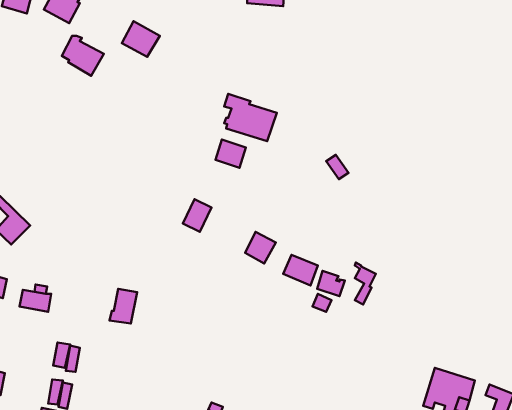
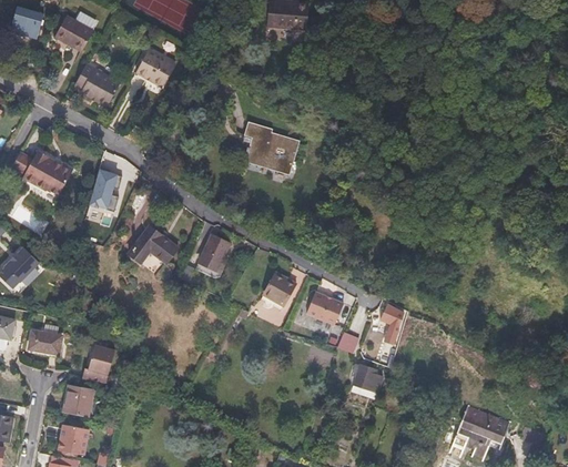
building: none -> [14,146,74,192]
building: none -> [89,169,118,207]
building: [215,139,246,168] -> none
building: none -> [131,226,181,275]
building: [317,271,345,296] -> [354,365,383,392]
building: [110,289,137,324] -> [84,346,113,383]

